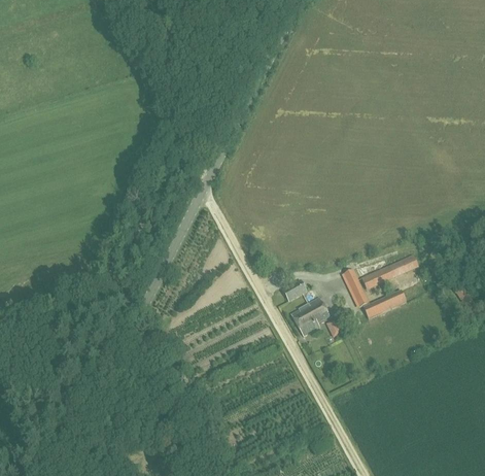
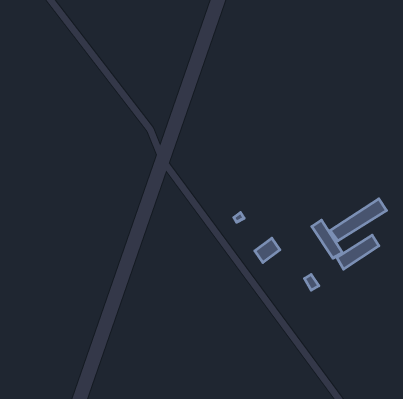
building: [291,298,330,336] -> none

